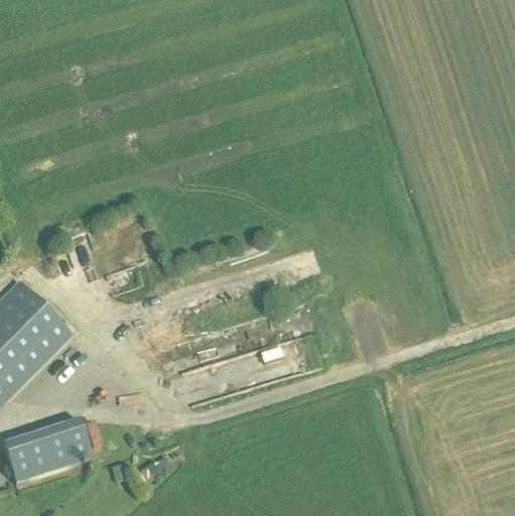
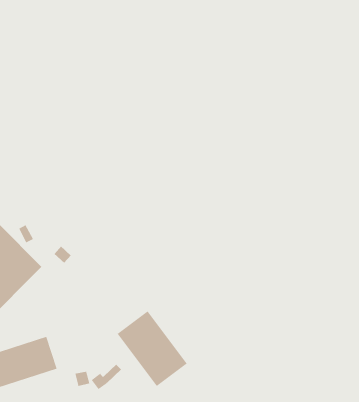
building: none -> [117,310,187,387]

